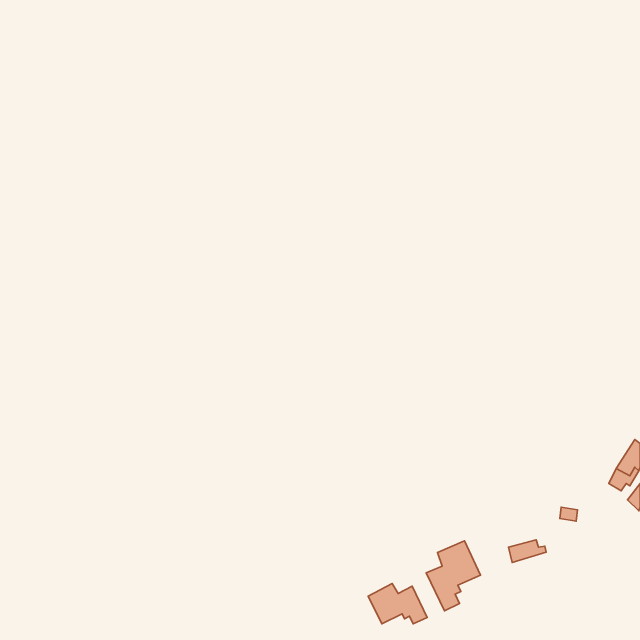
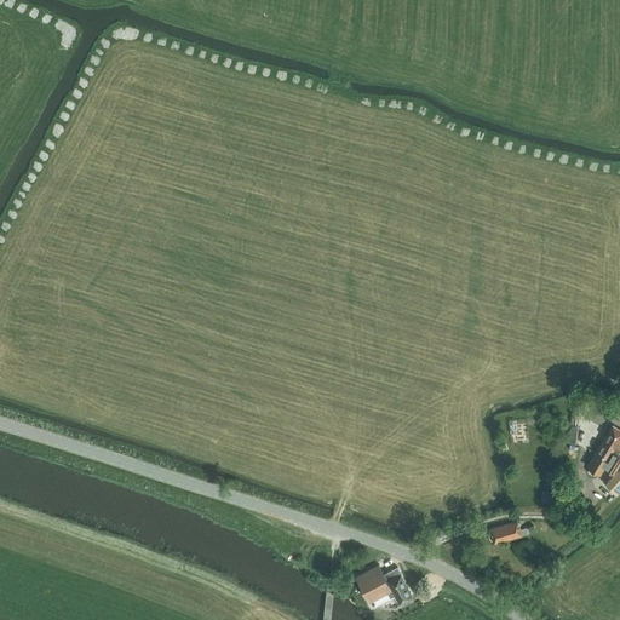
building: [426,541,480,611] -> none

